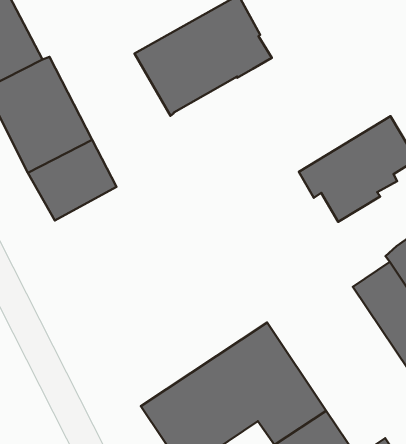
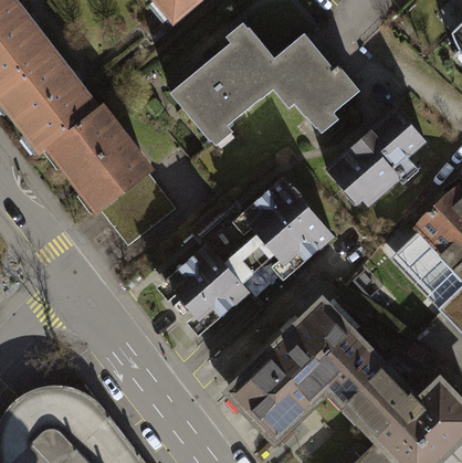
building: none -> [274,33,360,126]
building: none -> [166,178,334,328]

